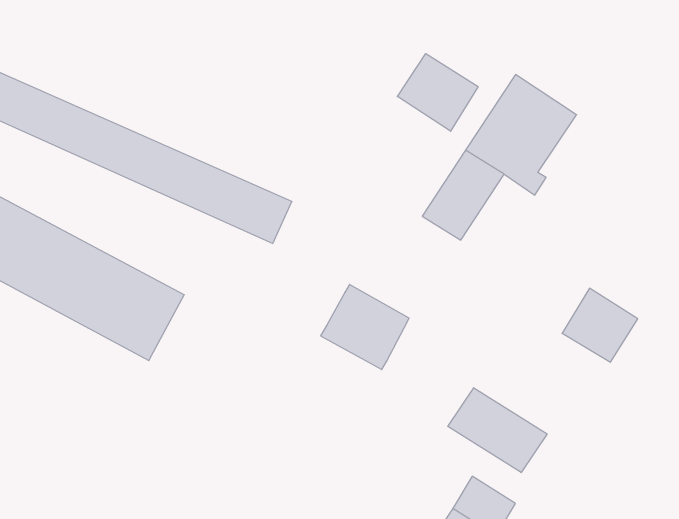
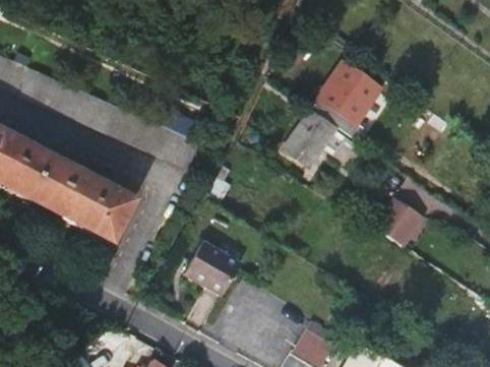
building: [397,54,478,131] -> none
building: [321,284,409,370] -> [181,240,237,294]
building: [448,388,547,473] -> none

